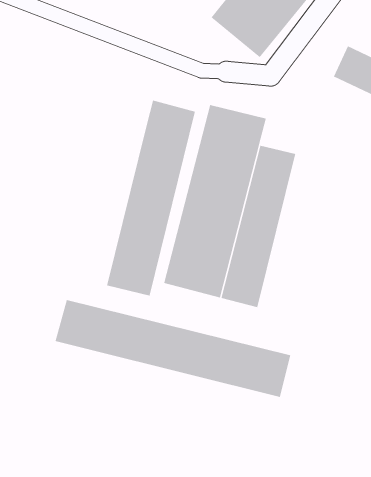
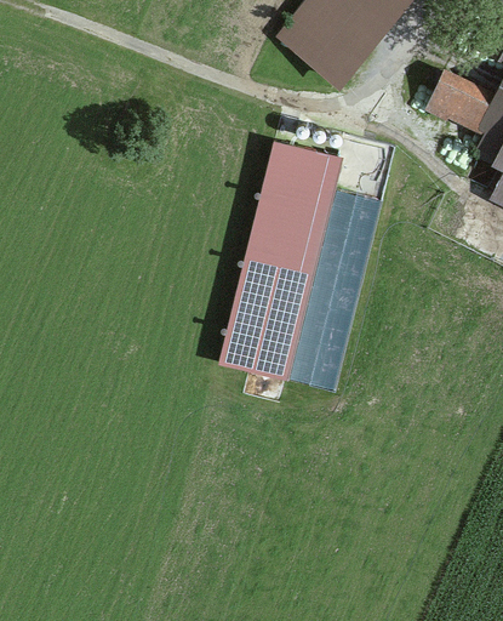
building: [106,99,196,297] -> none
building: [55,299,291,398] -> none

